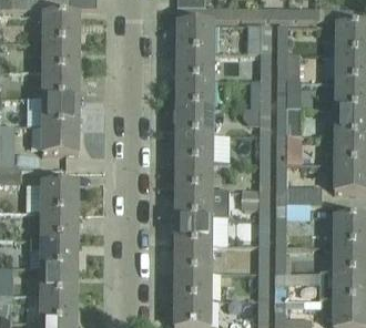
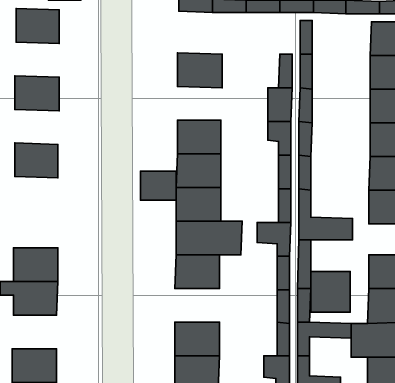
building: [176,22,213,51] -> none
building: [247,23,271,51] -> none
building: [42,41,79,70] -> none
building: [176,78,213,105] -> none
building: [42,96,79,125] -> none
building: none -> [140,171,176,200]
building: [41,183,78,211] -> none
building: none -> [311,271,350,312]
building: [174,244,211,271] -> none
building: [40,266,77,294] -> none

